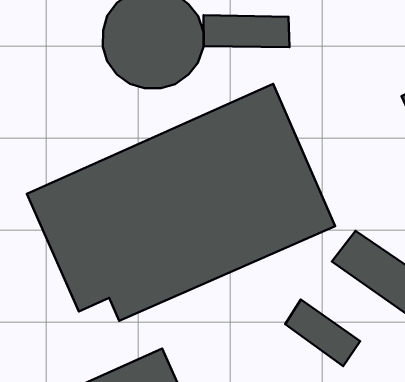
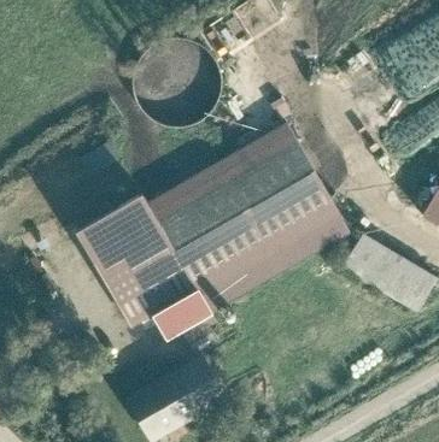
building: [203,15,290,47] -> none
building: [285,299,360,366] -> none

